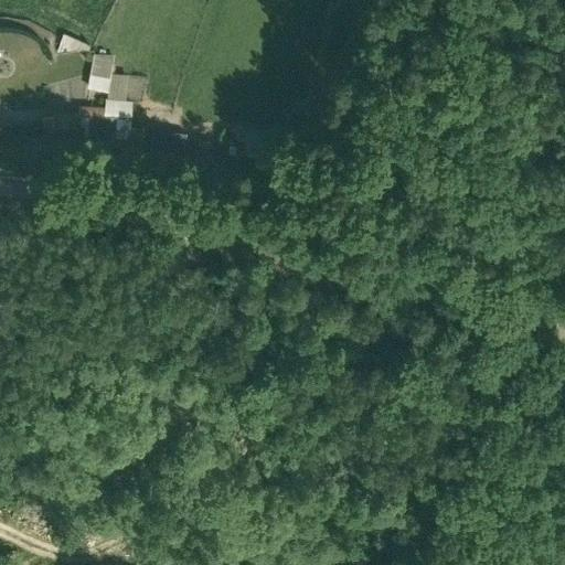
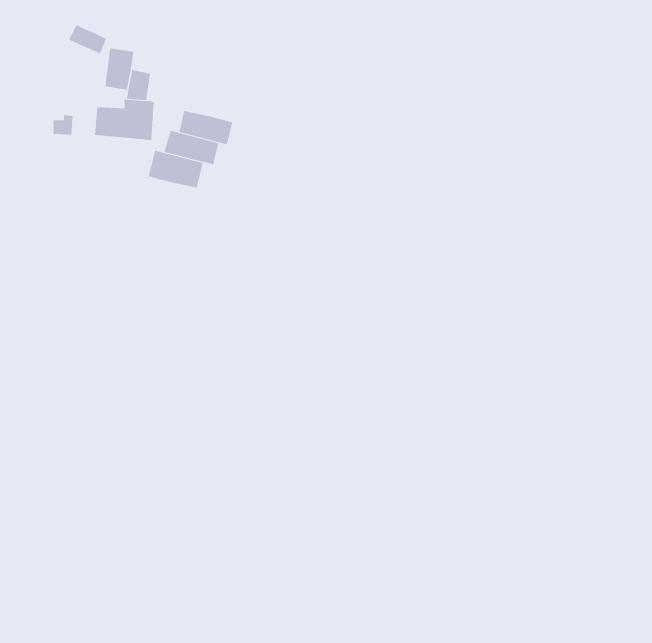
building: none -> [179,110,233,145]
building: none -> [148,150,203,188]

